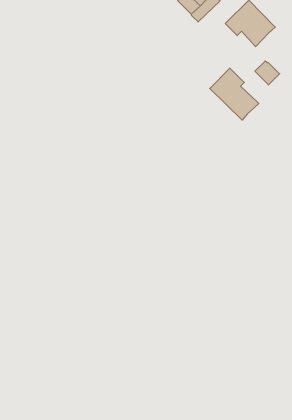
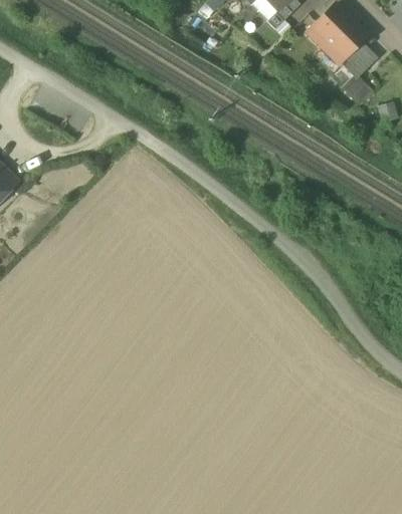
building: none -> [339,41,375,76]
building: [210,68,259,120] -> none

